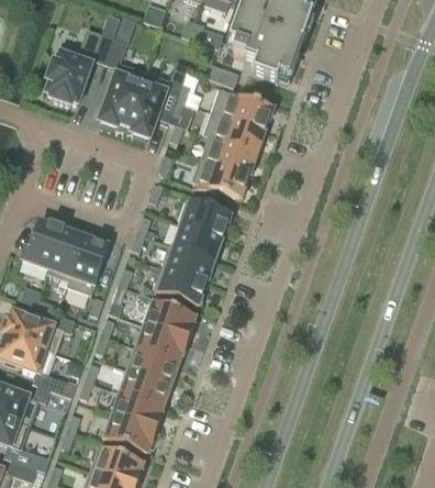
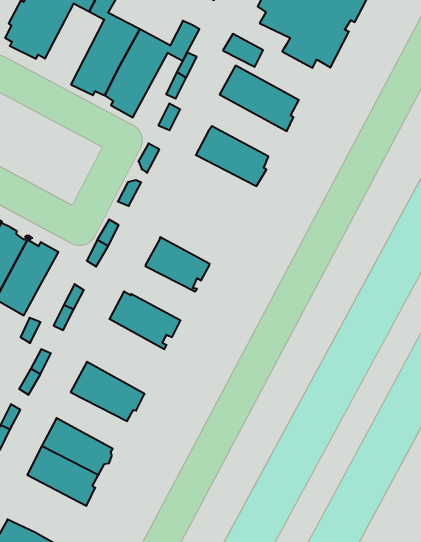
building: [202,111,265,152] -> none
building: [192,158,248,198] -> none
building: [178,196,231,239] -> none
building: [161,243,214,282] -> none
building: [142,300,194,341] -> none
building: [125,347,178,385] -> none
building: [101,413,157,452] -> none

